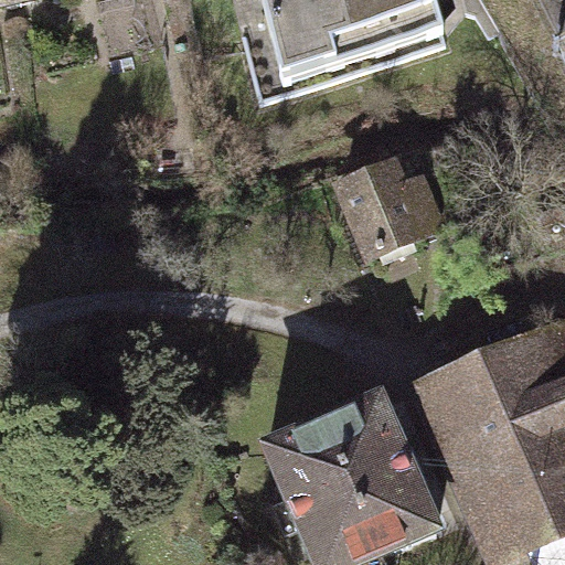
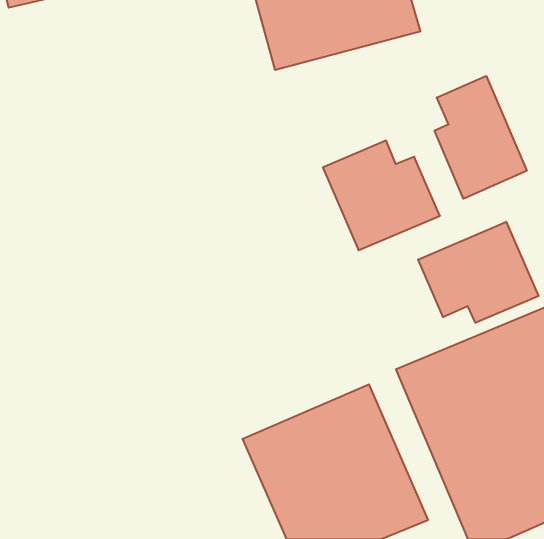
building: none -> [435,76,527,199]
building: none -> [418,222,539,323]

